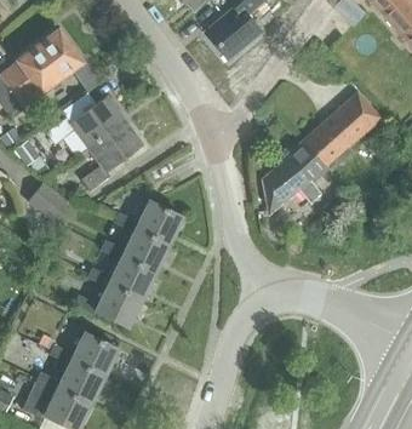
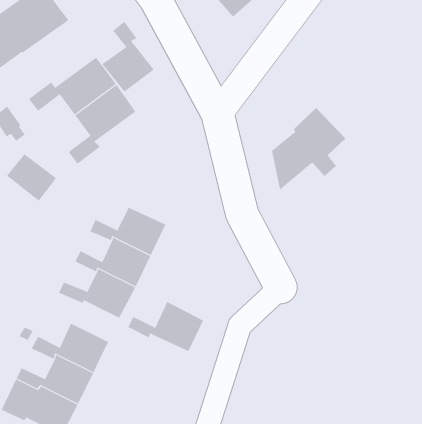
building: none -> [102,21,155,93]
building: [303,91,383,170] -> none
building: [115,199,183,244] -> [127,301,204,352]

